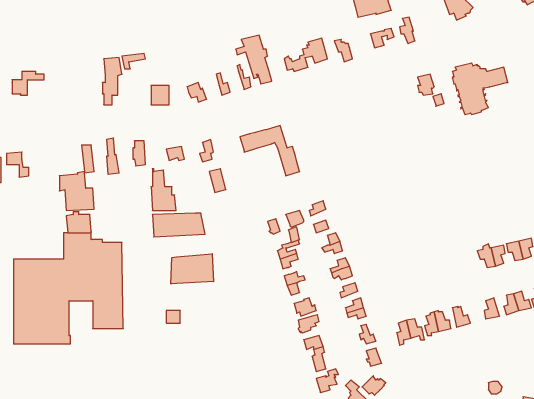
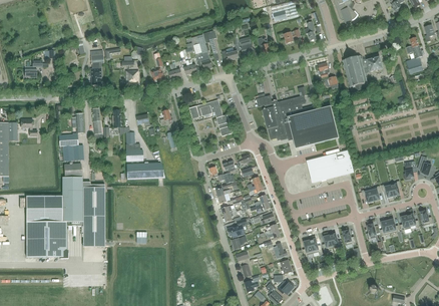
building: none -> [257,86,339,148]
building: none -> [308,151,352,181]
building: [171,254,214,284] -> none

